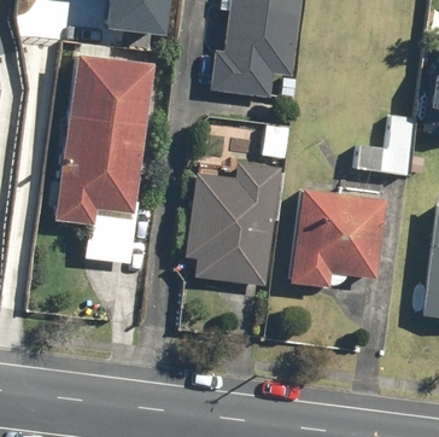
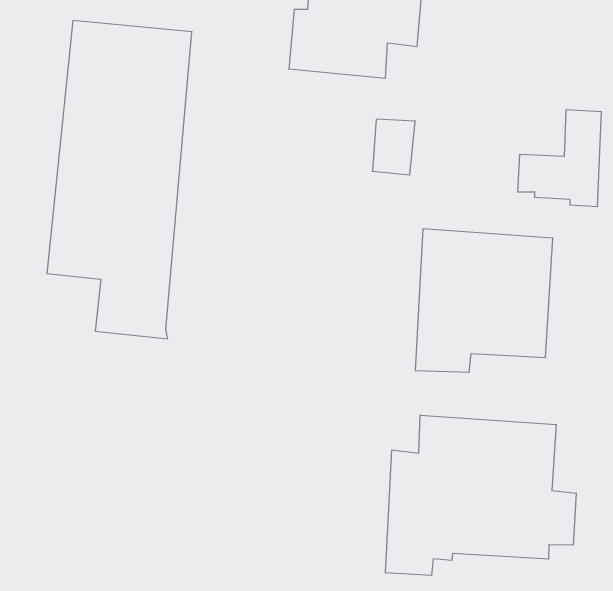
building: [187,162,280,282] -> none
building: none -> [386,415,576,575]

